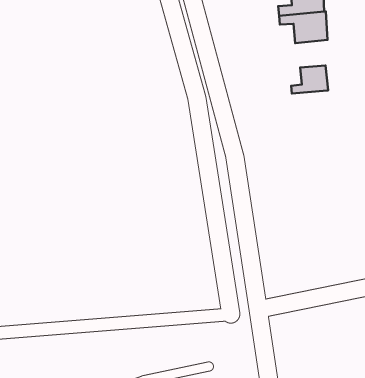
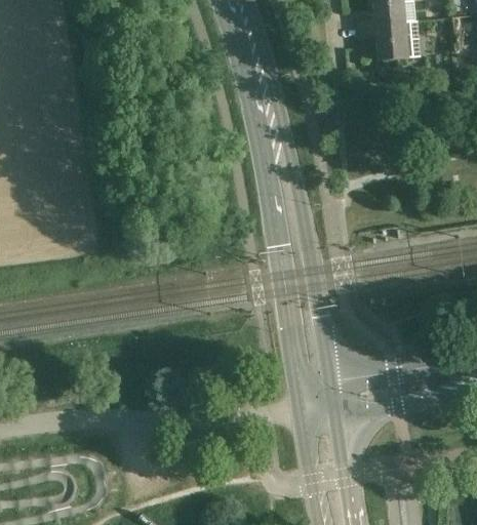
building: [291,65,328,94] -> none

